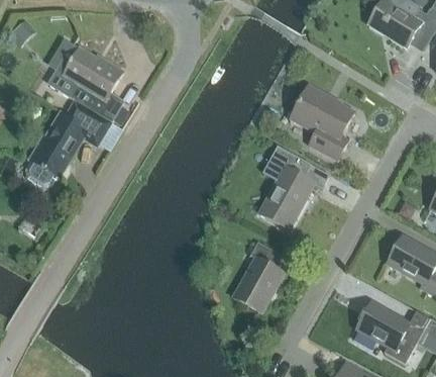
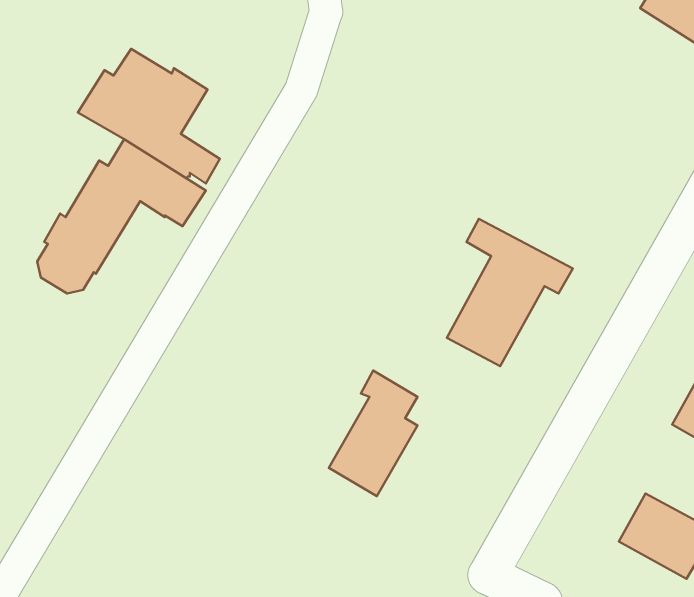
building: [289,83,353,159] -> none
building: [233,241,284,312] -> [329,370,417,496]

